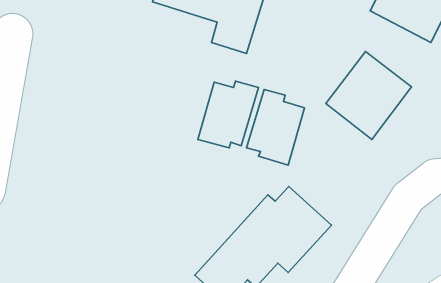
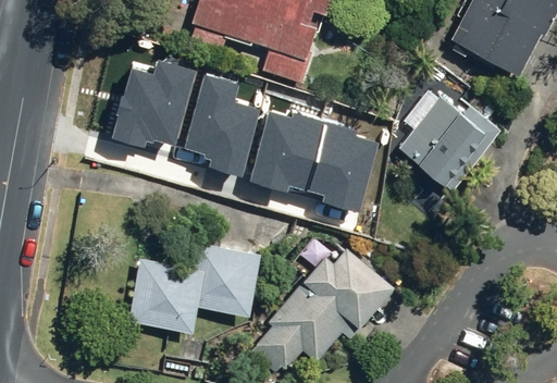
building: none -> [109,65,193,151]
building: none -> [181,81,258,181]
building: none -> [128,237,265,331]

